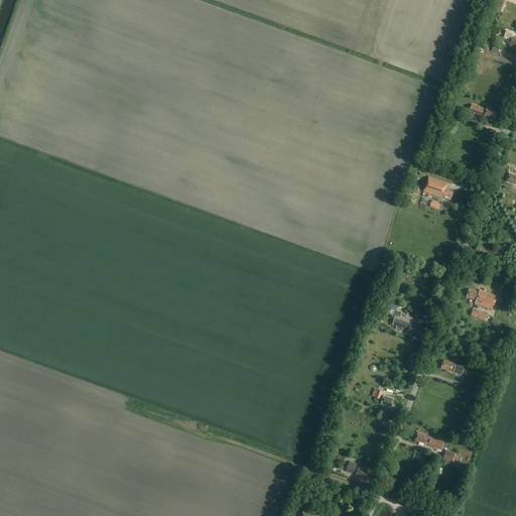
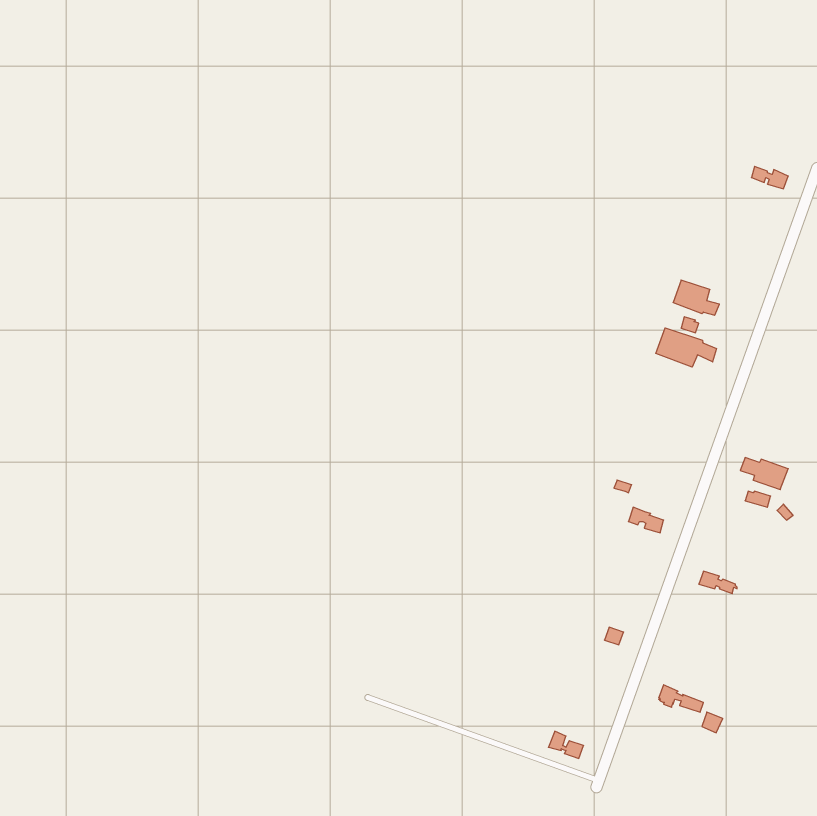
building: none -> [656,328,716,367]

